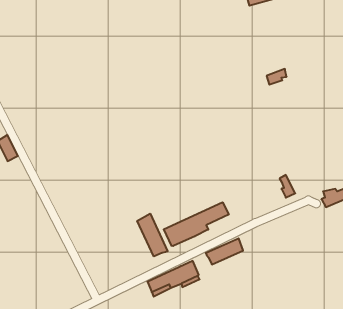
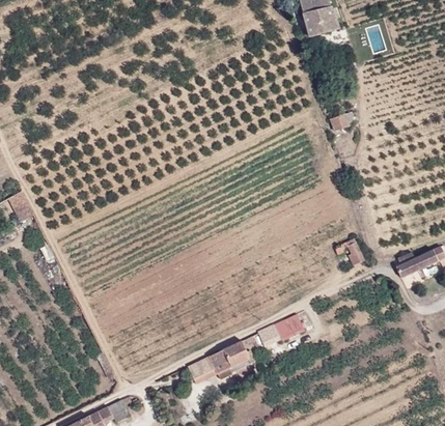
building: [164,202,229,246] -> none
building: [137,214,168,256] -> none

